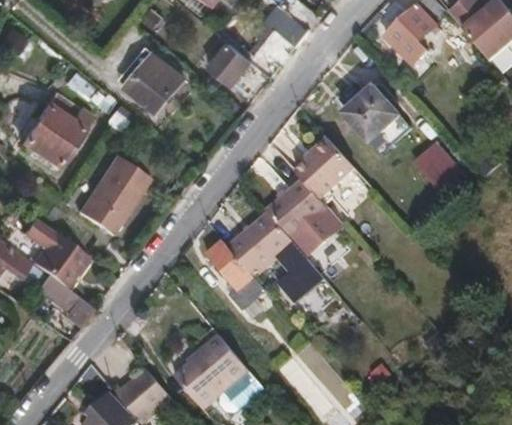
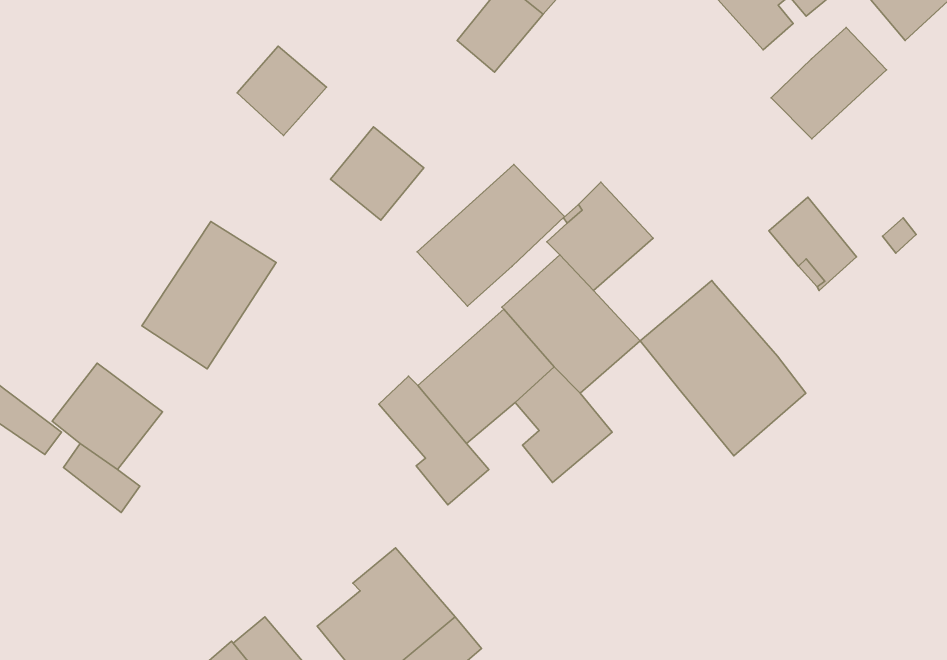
building: [203,43,253,93] -> [331,127,424,220]
building: none -> [771,27,887,139]
building: [345,88,399,143] -> none
building: [21,92,93,167] -> none
building: none -> [417,164,565,306]
building: none -> [640,280,806,456]

